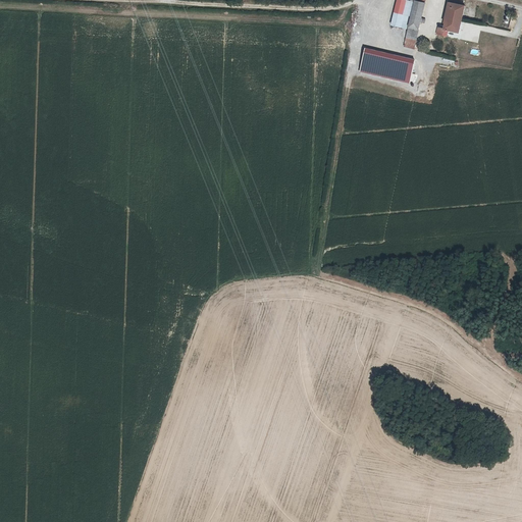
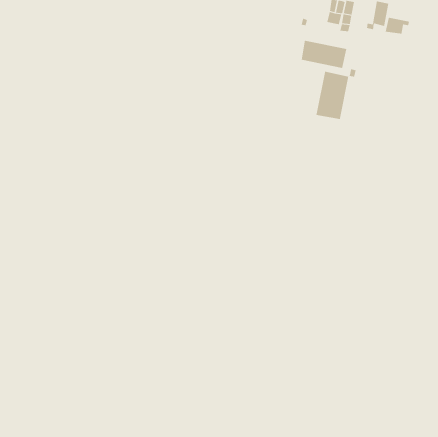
building: none -> [316,71,349,120]

